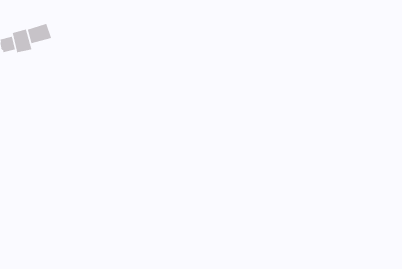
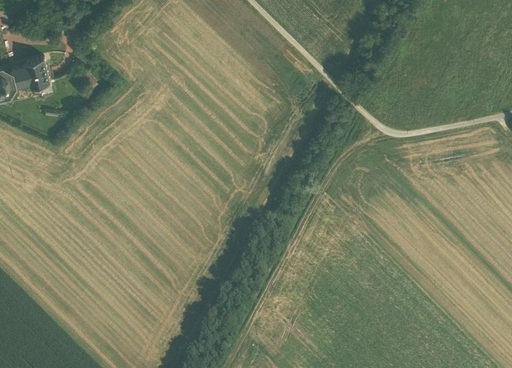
building: [27,23,52,44] -> none

